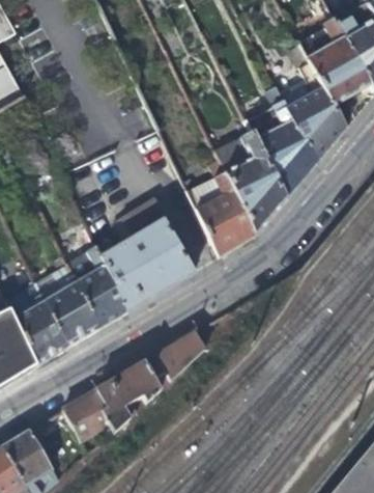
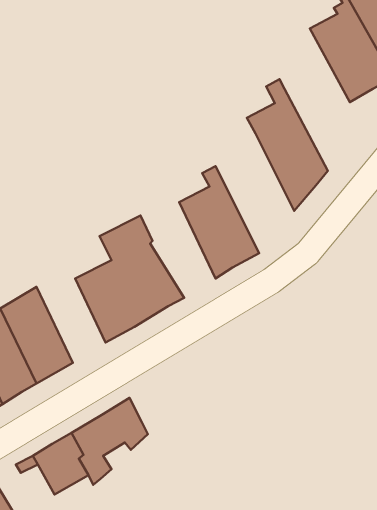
building: [279,39,347,162] -> none
building: [217,130,287,232] -> none
building: [66,234,125,327] -> none
building: [146,328,207,379] -> none

